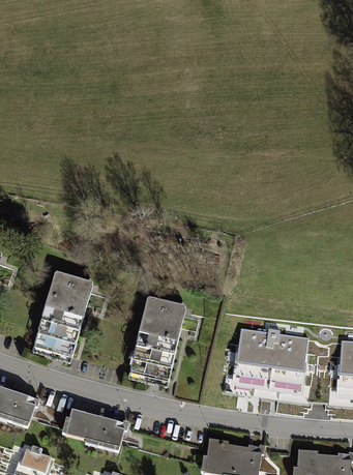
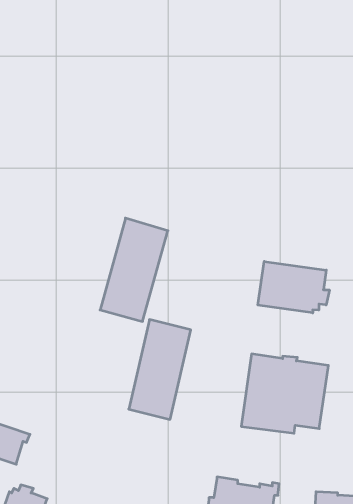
building: none -> [258,261,329,313]
building: [32,269,93,362] -> [100,218,168,321]
building: [63,409,128,450] -> none

